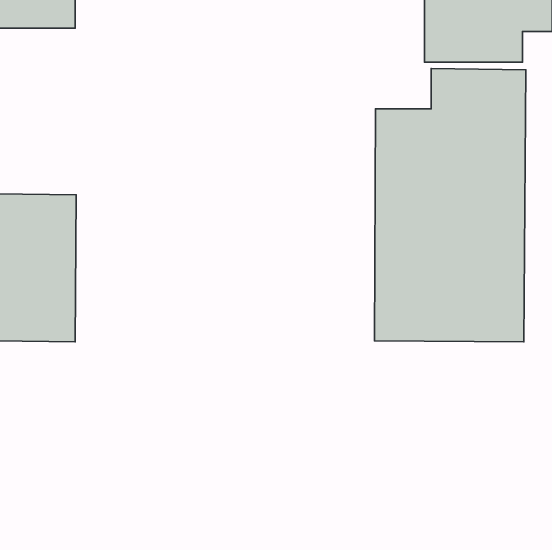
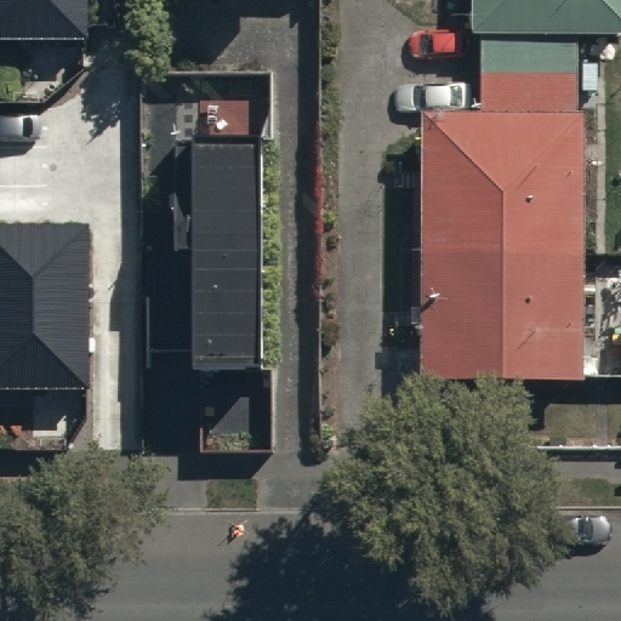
building: none -> [180,149,261,403]

